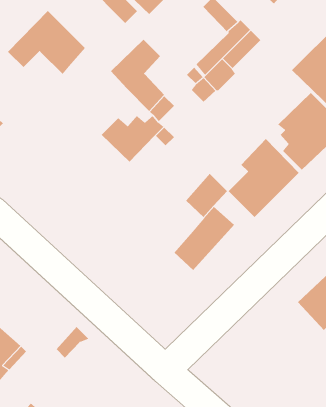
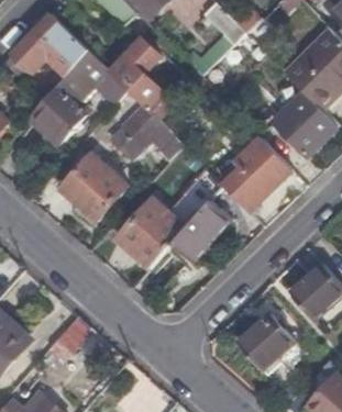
building: none -> [33,51,110,138]
building: none -> [60,154,126,222]
building: none -> [115,199,186,269]
building: none -> [239,313,295,369]

